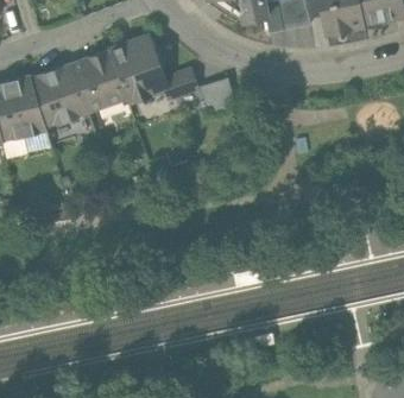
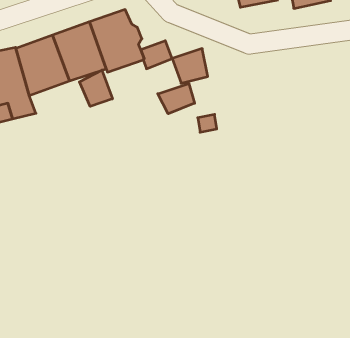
building: none -> [79,70,112,106]
building: none -> [158,83,195,114]

